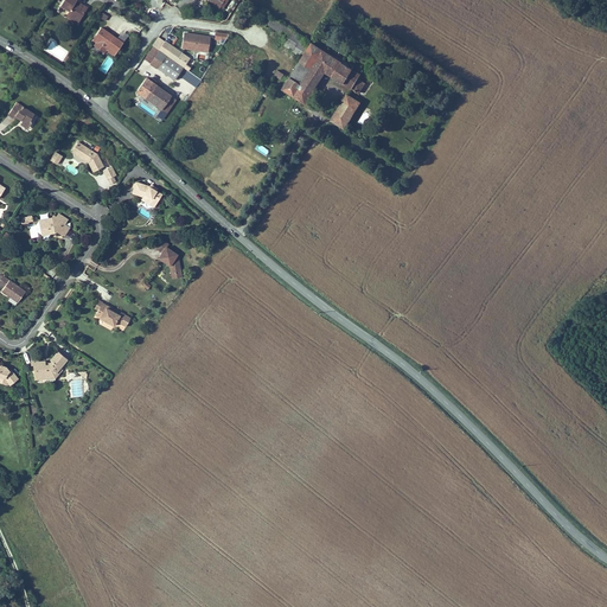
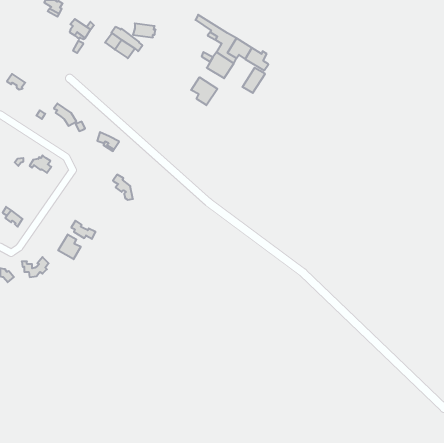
building: [136,77,177,113] -> none
building: none -> [191,77,217,105]
building: none -> [58,234,81,259]

